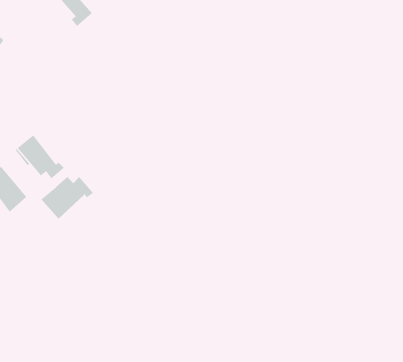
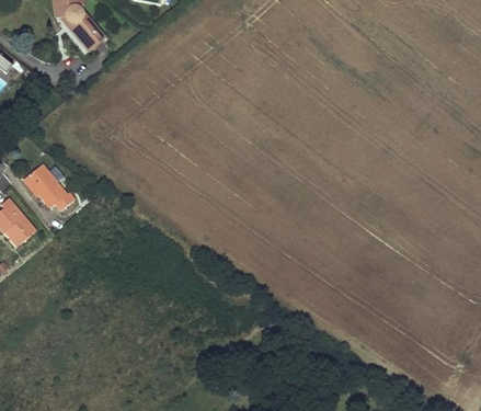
building: [41,176,94,220] -> none

